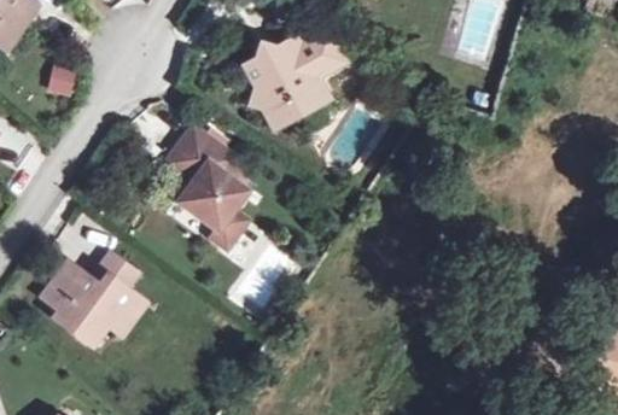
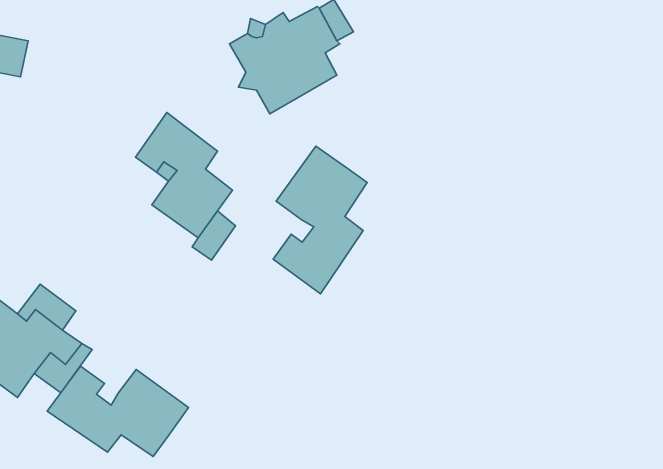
building: none -> [273,146,367,294]
building: none -> [47,366,189,456]

